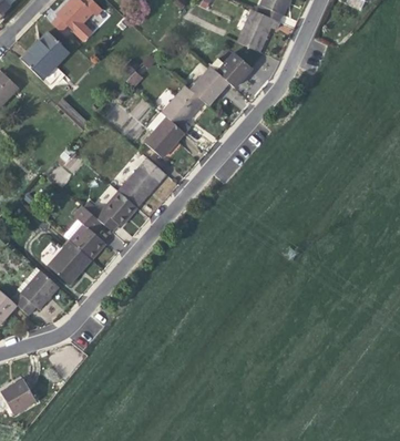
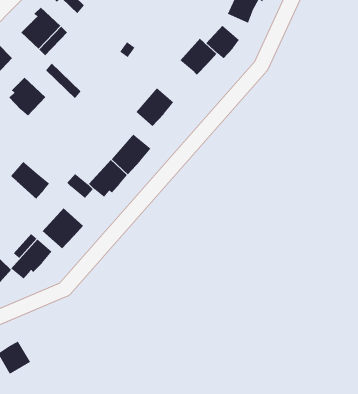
building: [161,84,204,132] -> none
building: none -> [9,77,46,117]
building: [64,219,105,259] -> [10,161,50,200]

